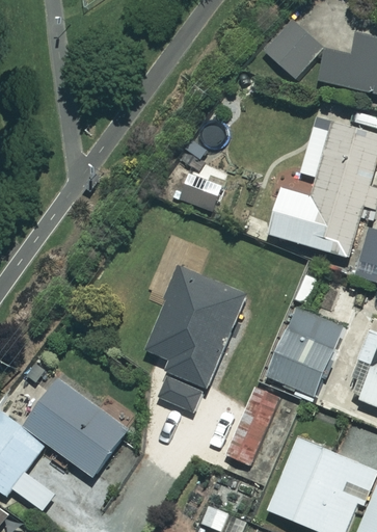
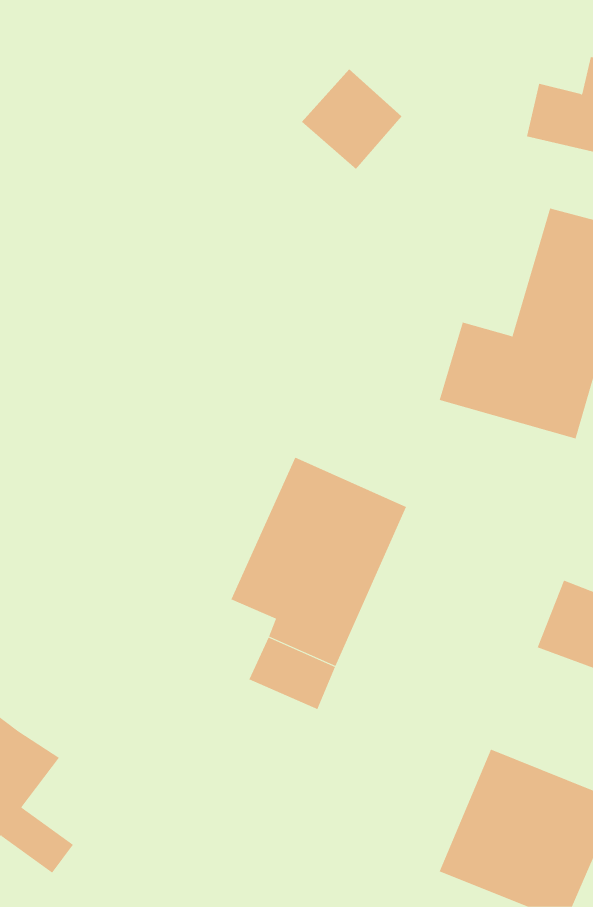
building: [263,20,322,79] -> [301,68,403,170]
building: [265,307,345,398] -> none
building: [22,378,127,477] -> none
building: [226,387,281,466] -> none

